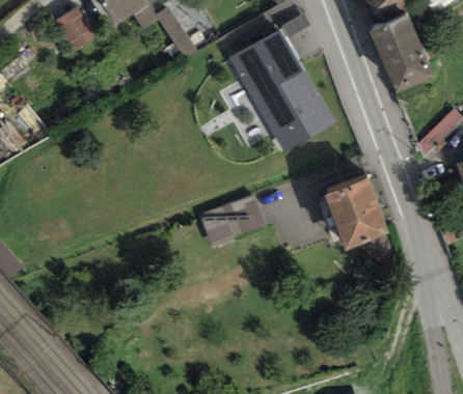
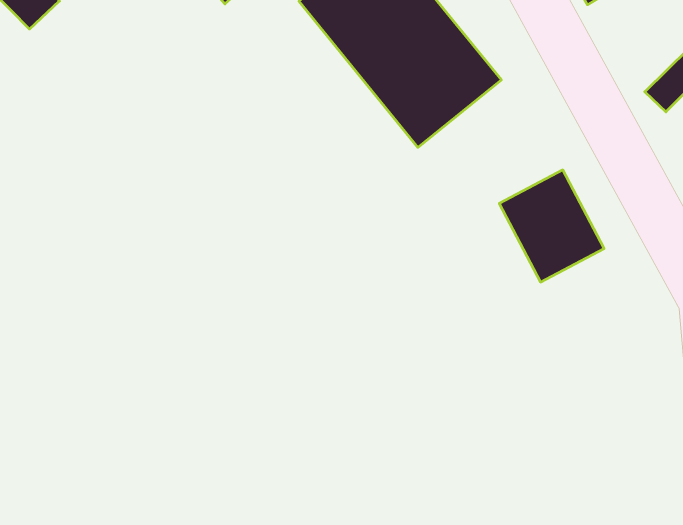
building: [200,199,258,243] -> none

